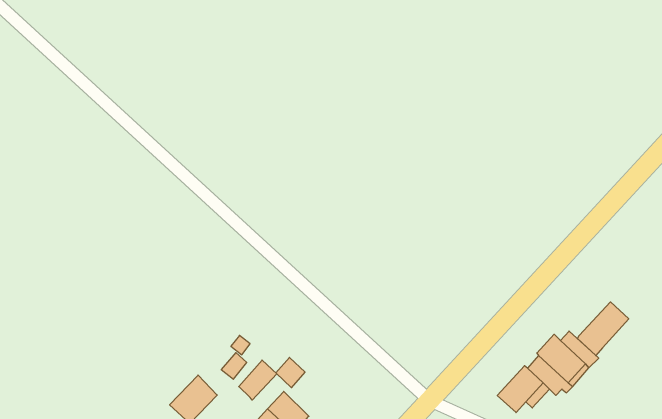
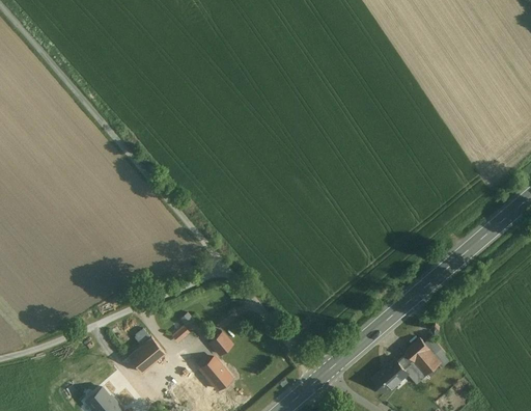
building: [577,302,629,356] -> none
building: [239,360,277,400] -> none

